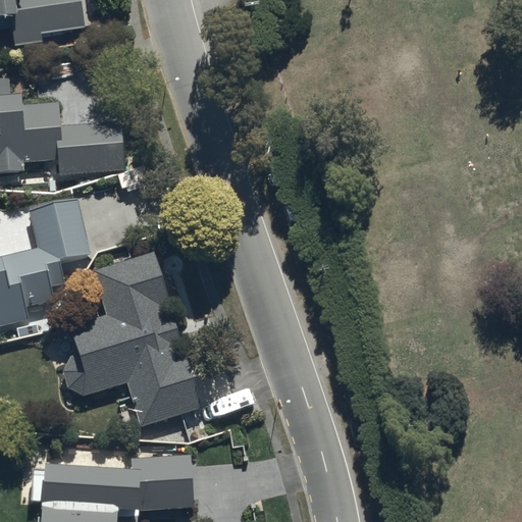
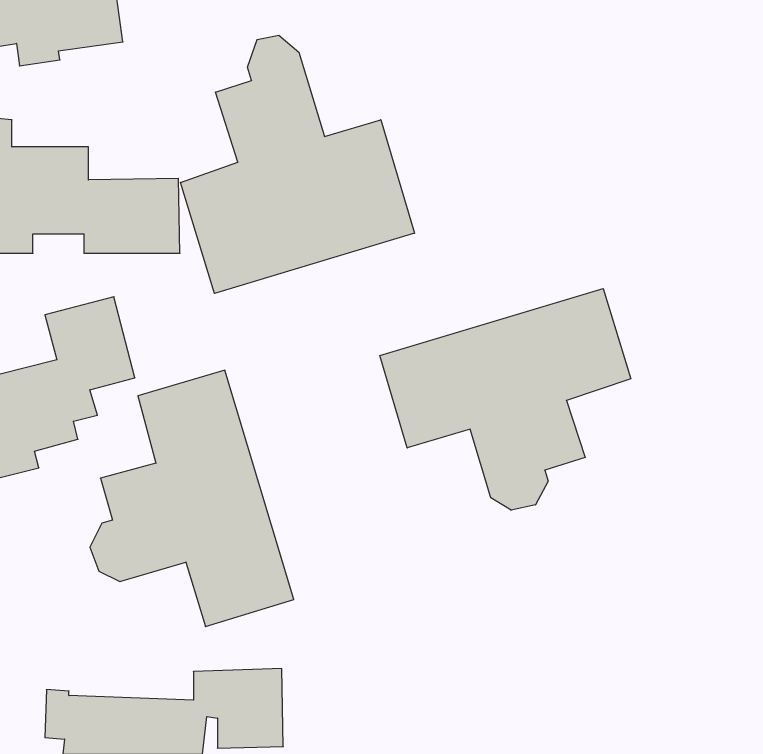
building: none -> [180,35,415,293]
building: none -> [380,289,631,510]

